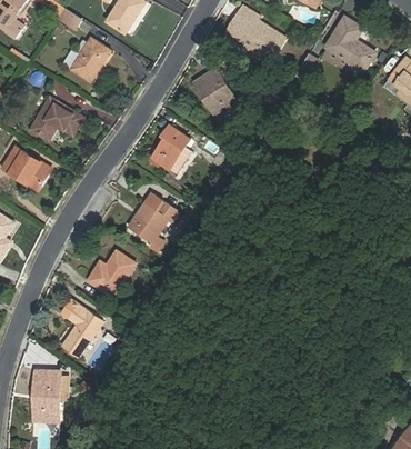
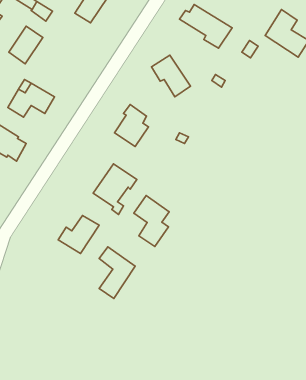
building: [70,38,109,81] -> [9,26,43,64]
building: none -> [134,196,169,246]
building: [61,299,102,358] -> [99,247,135,298]
building: [33,371,59,429] -> none

